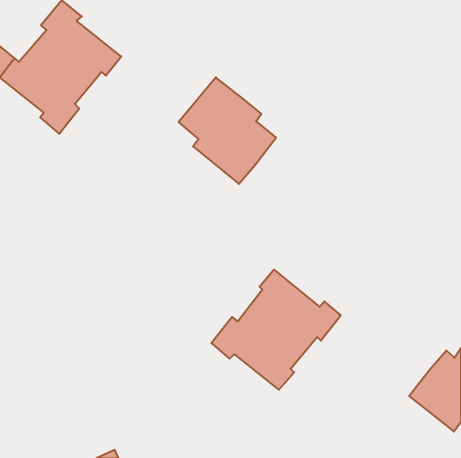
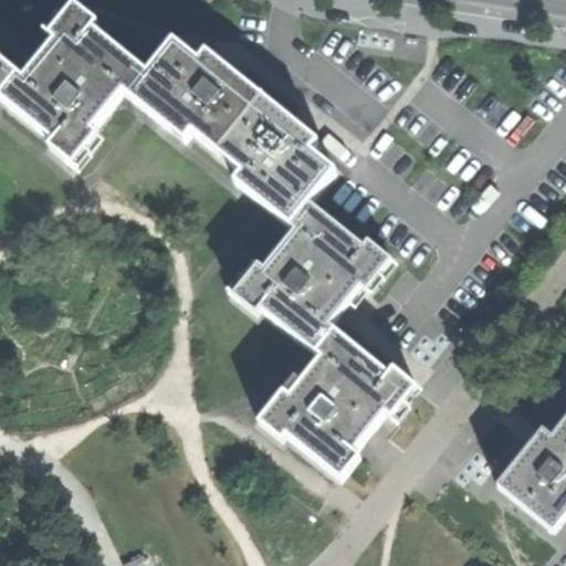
building: none -> [128,35,262,148]
building: none -> [232,200,390,348]

